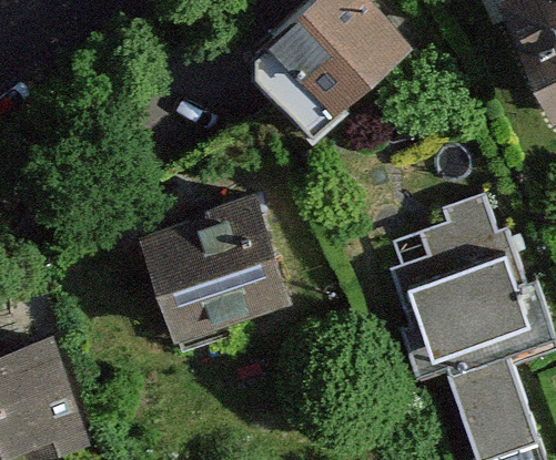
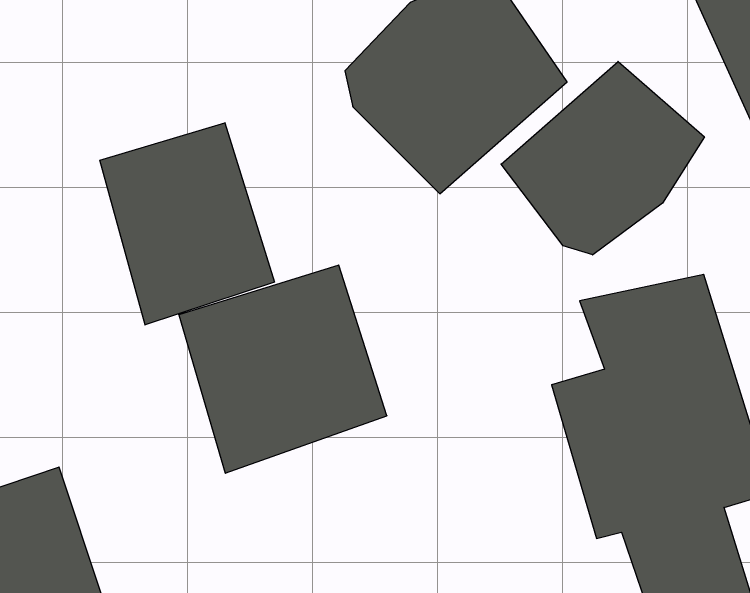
building: none -> [501,61,704,255]
building: none -> [100,123,274,325]

